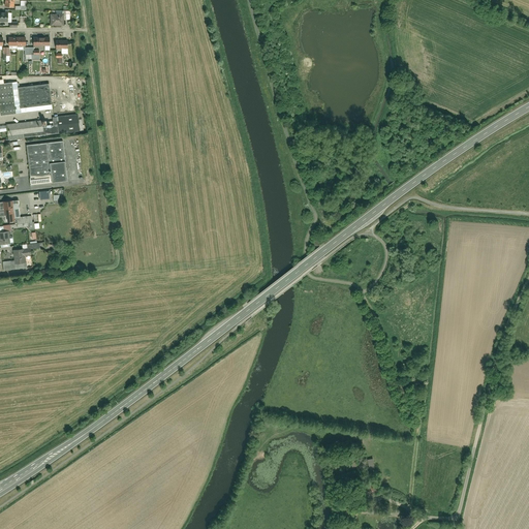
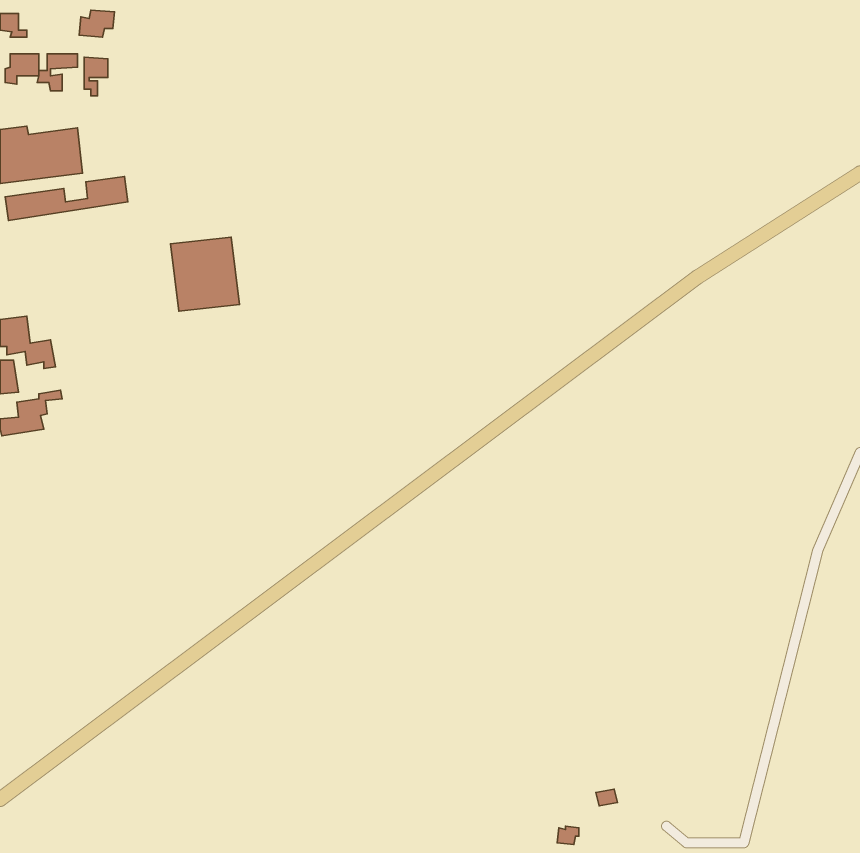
building: [24,141,66,186] -> [171,237,240,311]

